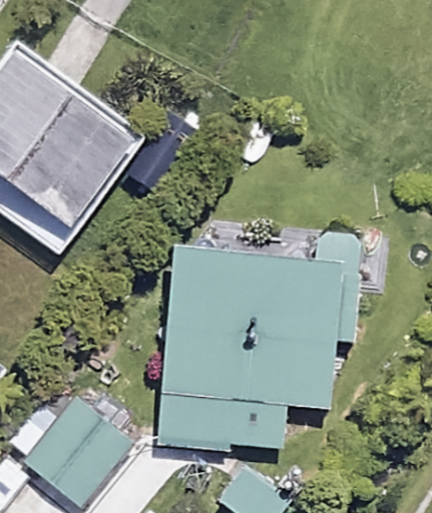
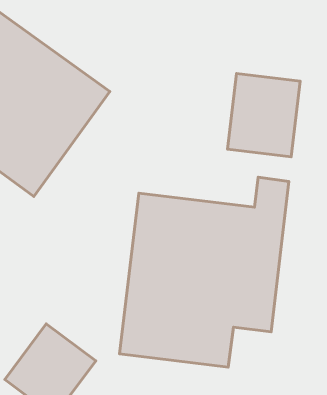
building: none -> [228,74,300,157]

